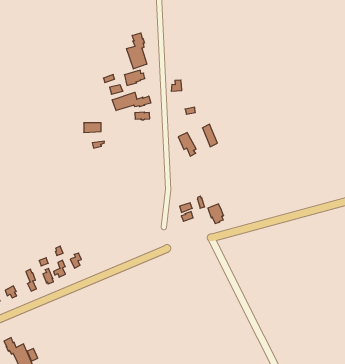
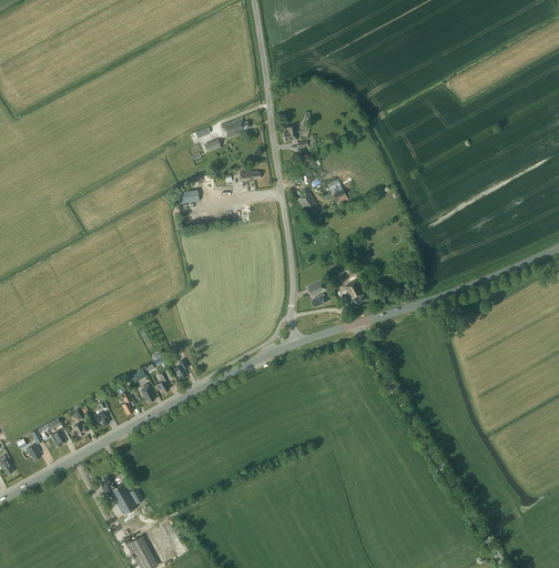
building: [126,33,147,69] -> none
building: [112,92,151,111] -> none

